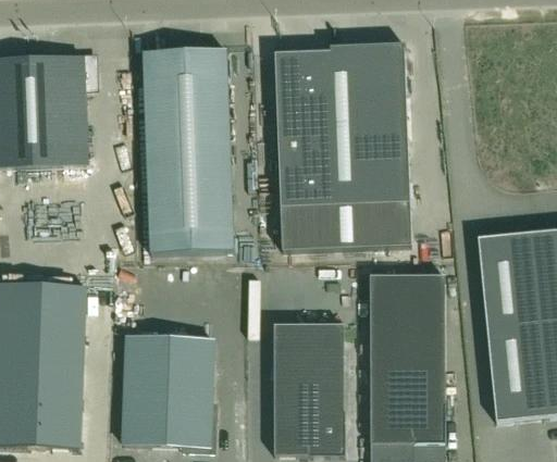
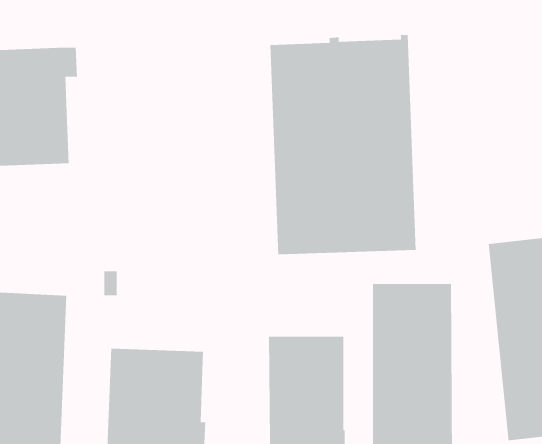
building: [143,48,233,252] -> none

